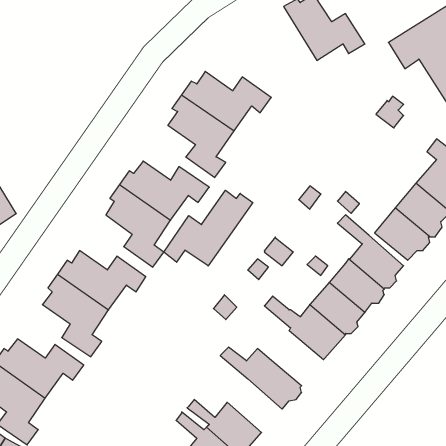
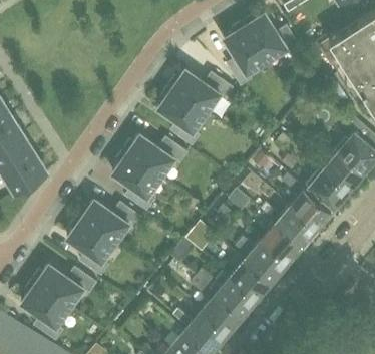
building: none -> [224,23,266,88]
building: [164,190,253,266] -> none
building: none -> [230,259,271,299]
building: none -> [190,277,241,333]

